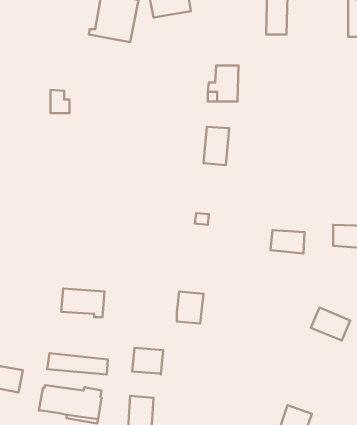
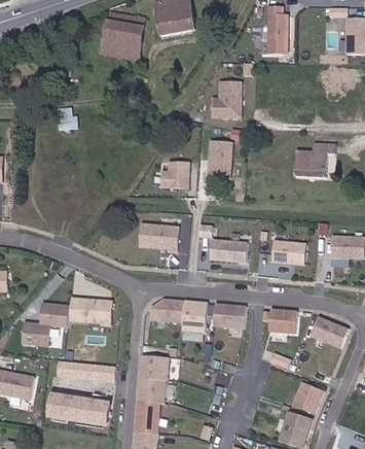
building: none -> [298,147,339,181]
building: none -> [159,162,187,187]
building: none -> [139,223,178,252]
building: none -> [209,239,246,262]
building: none -> [149,299,183,321]
building: none -> [21,303,68,347]
building: none -> [212,303,246,327]
building: none -> [267,308,296,333]
building: none -> [136,378,165,404]
building: none -> [292,382,323,414]

